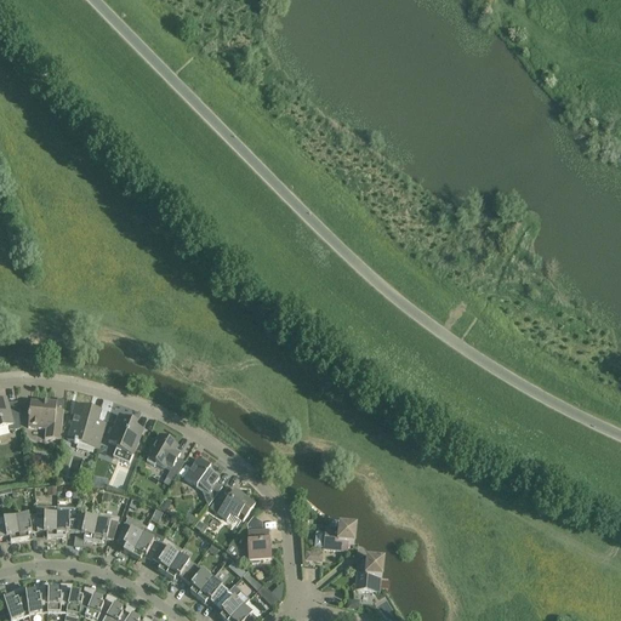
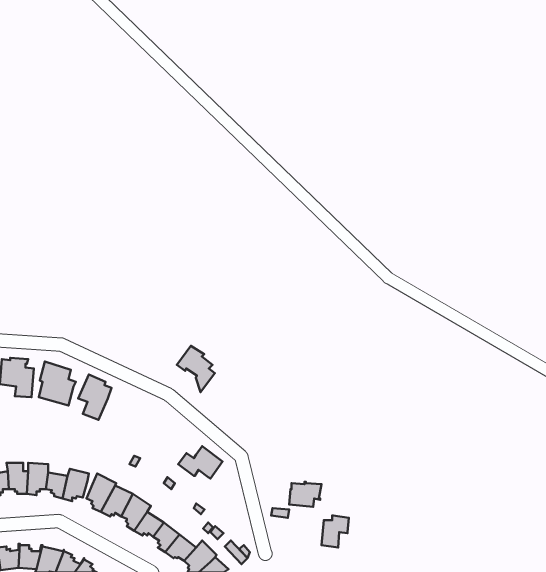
building: [147,431,181,466] -> none
building: [183,456,222,503] -> [177,346,215,392]
building: [246,528,270,560] -> none

